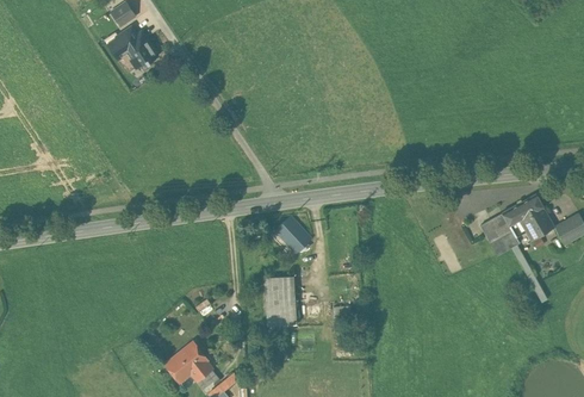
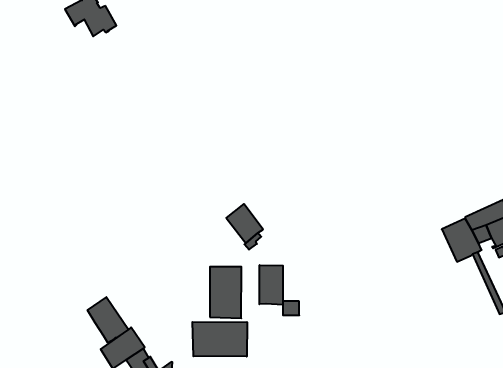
building: none -> [259,265,283,305]
building: none -> [88,297,128,343]
building: none -> [192,322,247,357]

